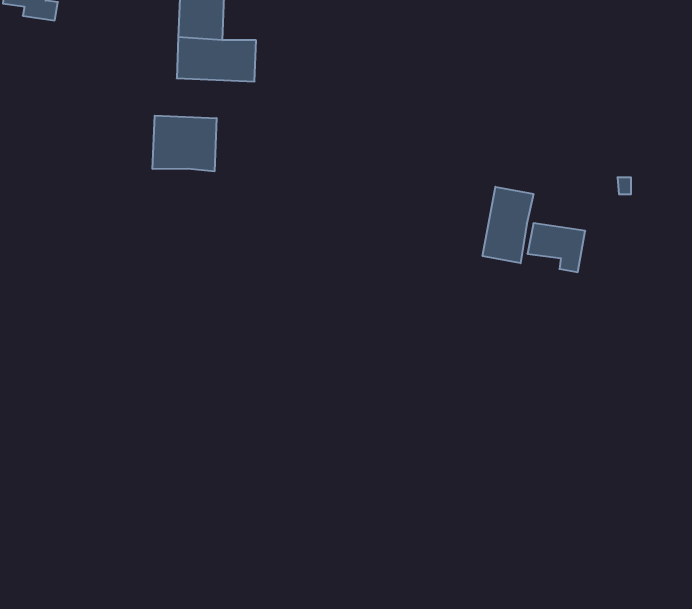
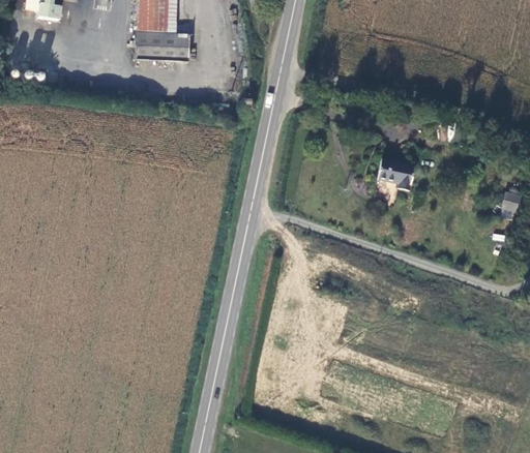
building: [153,116,217,171] -> none
building: [483,187,533,263] -> none

